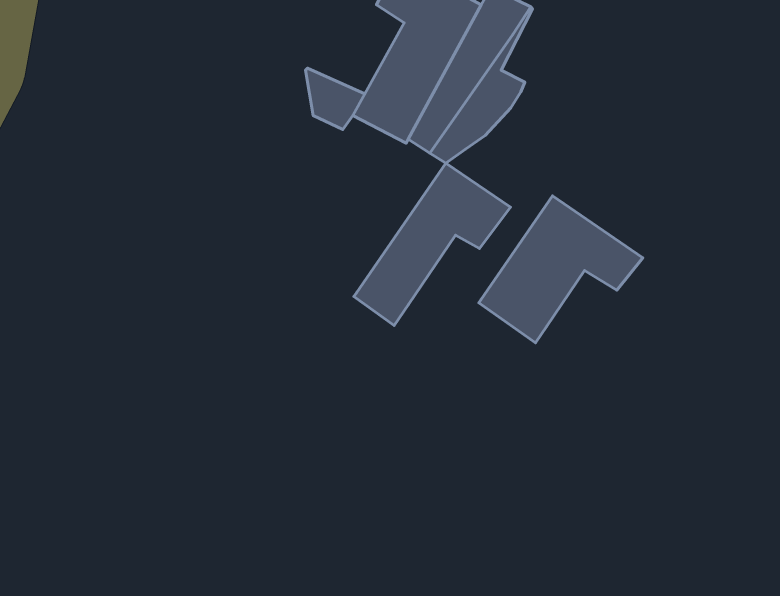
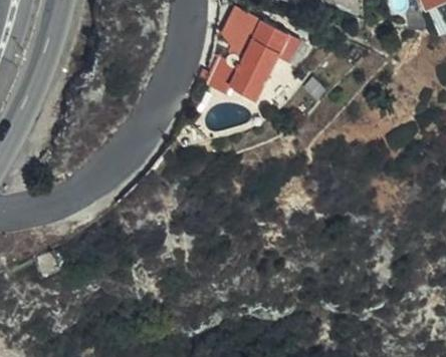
building: [354,163,511,326] -> none
building: [479,196,643,343] -> none

